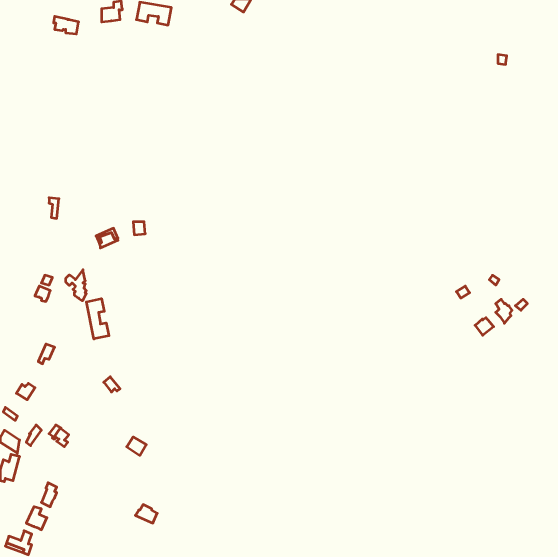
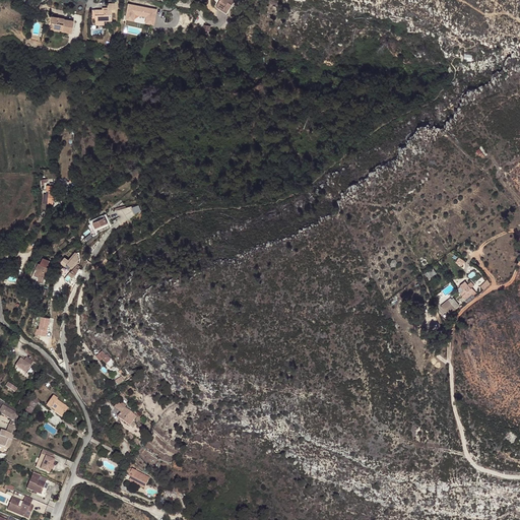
building: [86,299,109,339] -> none

